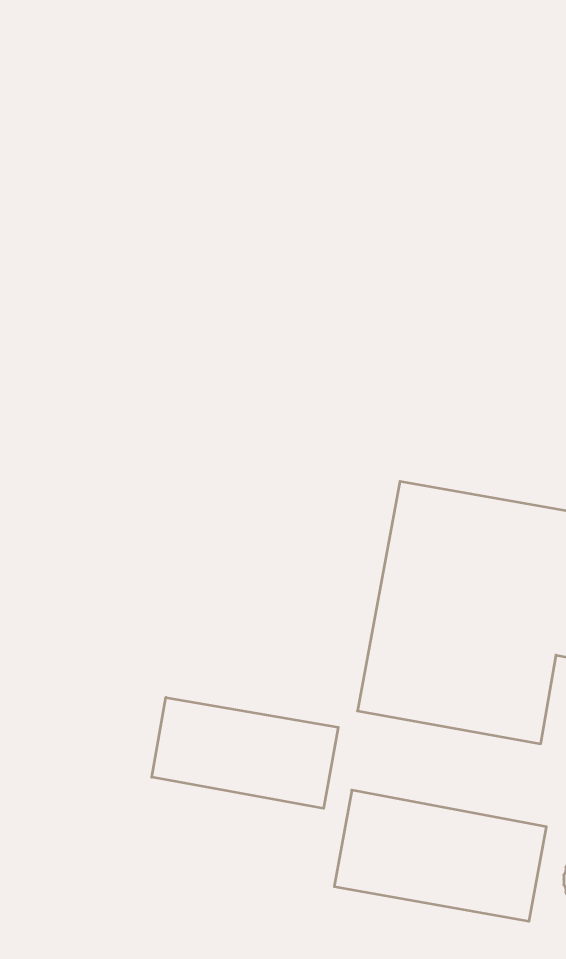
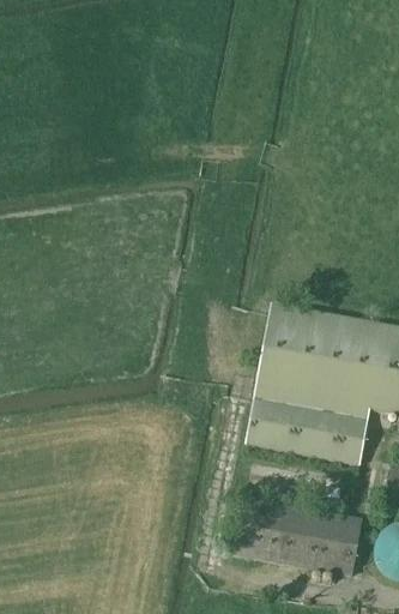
building: [152,697,338,808] -> none

